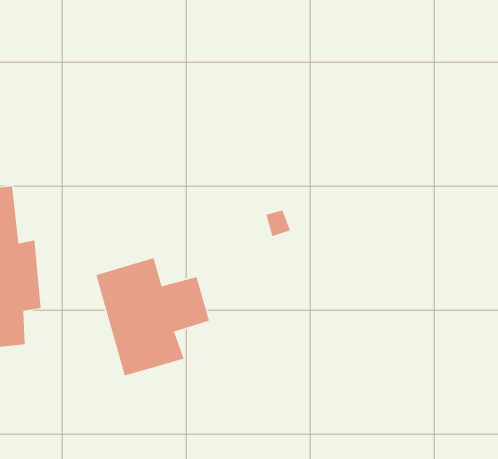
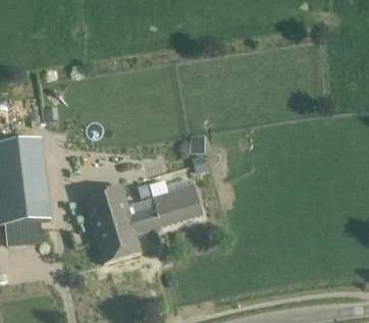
building: none -> [149,177,203,226]

